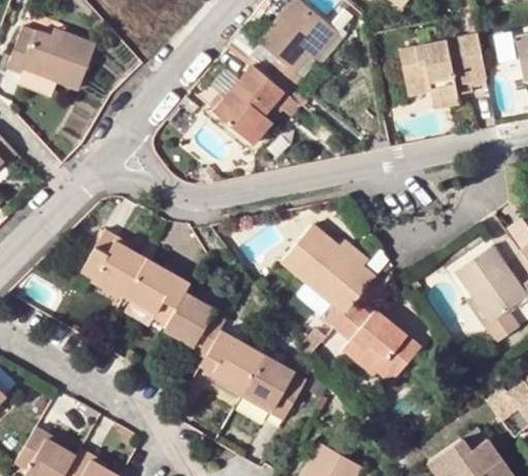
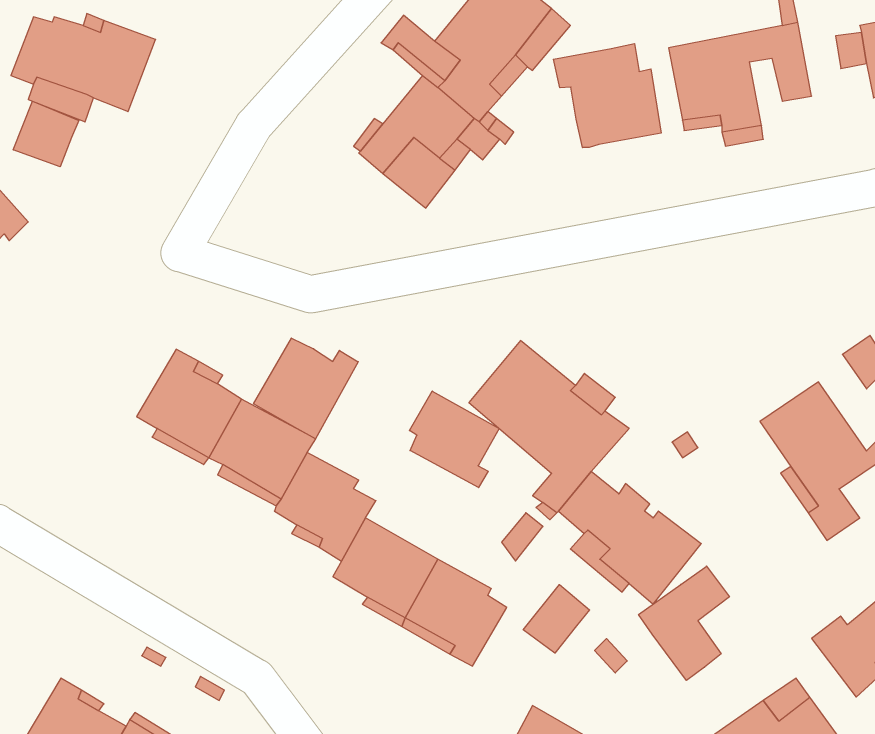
building: none -> [553,44,661,148]
building: none -> [13,101,79,167]
building: none -> [254,338,358,439]
building: none -> [409,391,499,488]
building: none -> [639,566,729,680]
building: none -> [523,585,590,653]

